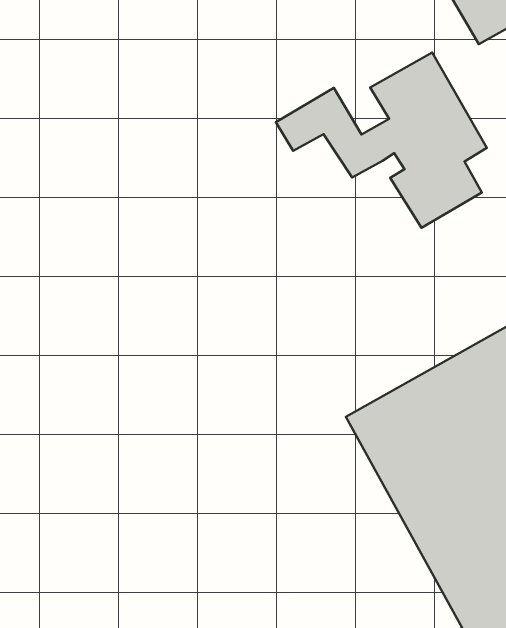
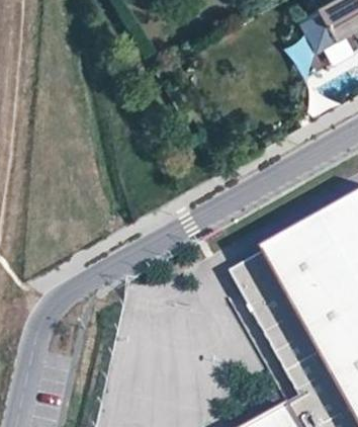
building: [276,53,487,228] -> none

